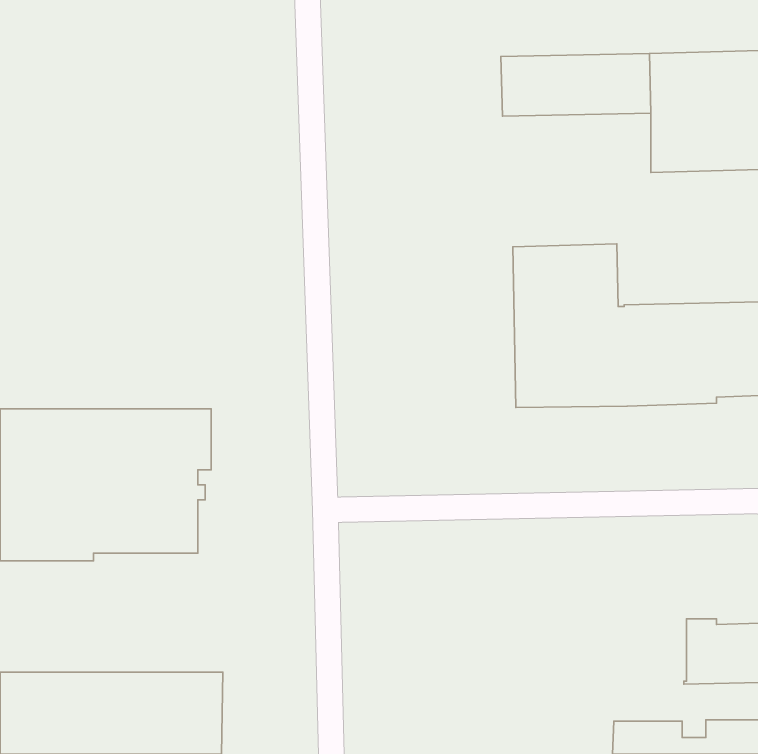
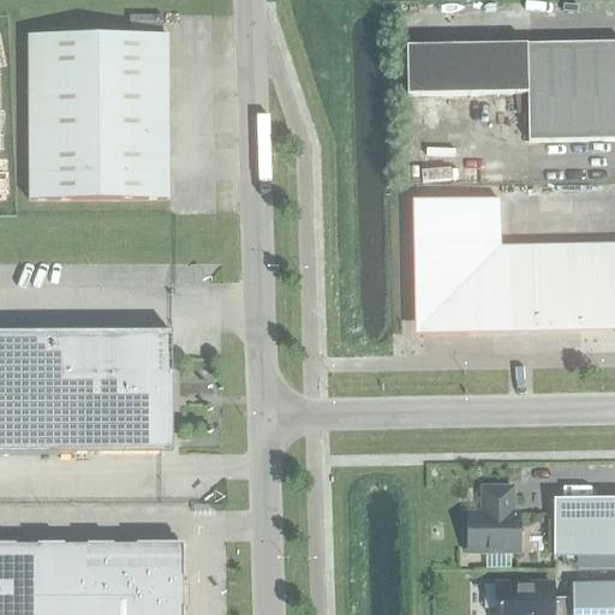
building: none -> [28,31,168,196]
building: none -> [468,484,519,548]

